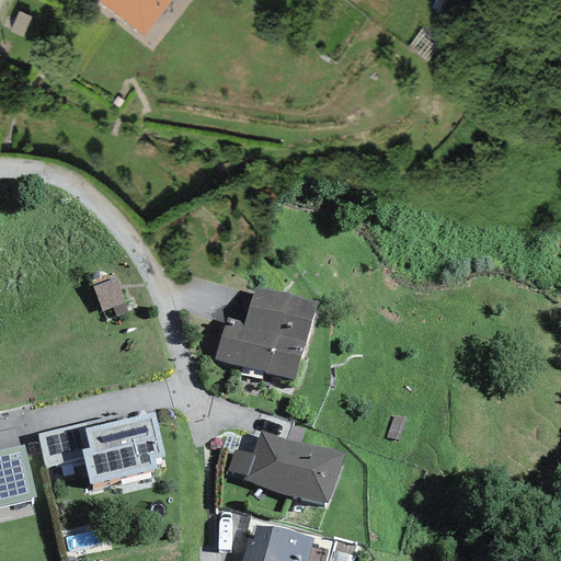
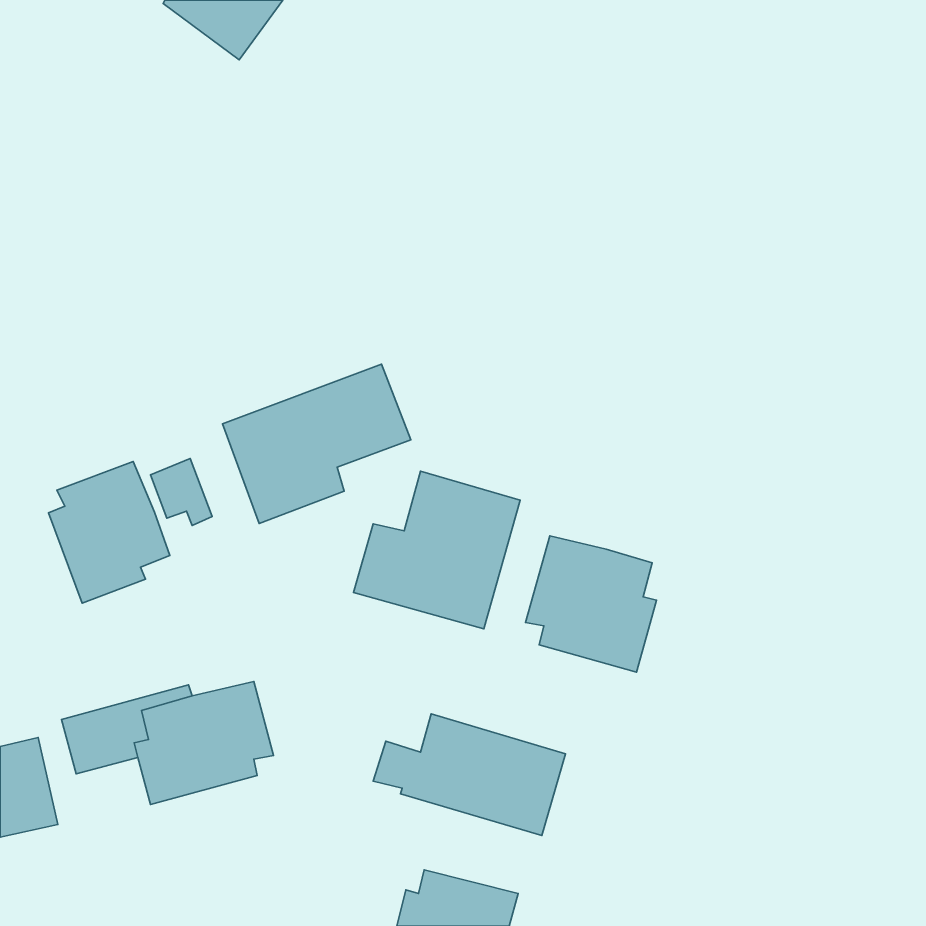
building: none -> [222,364,411,523]
building: none -> [48,462,170,603]
building: none -> [525,536,656,672]

